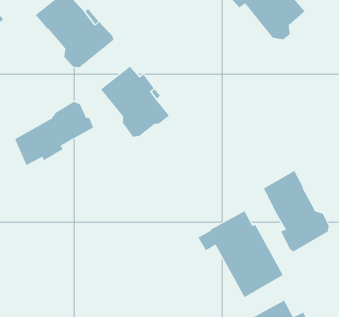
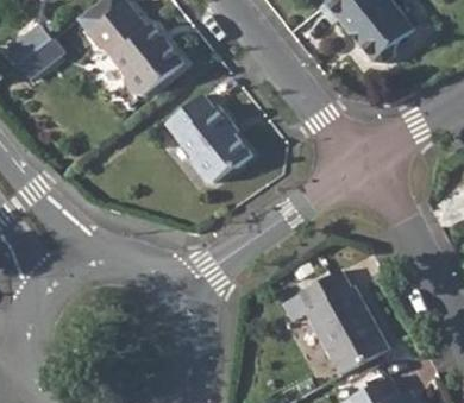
building: [14,101,94,166] -> none
building: [263,170,329,252] -> none

